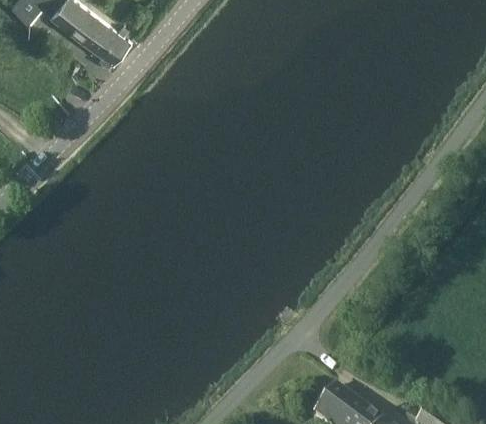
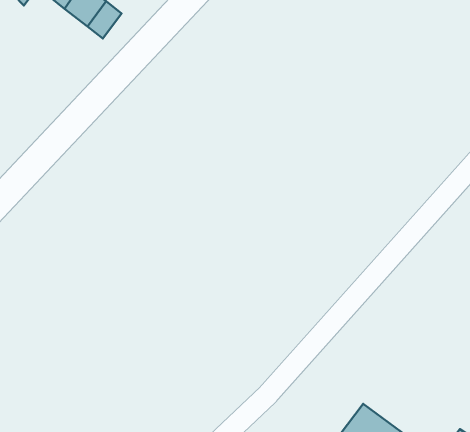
building: [99,32,132,70] -> none

